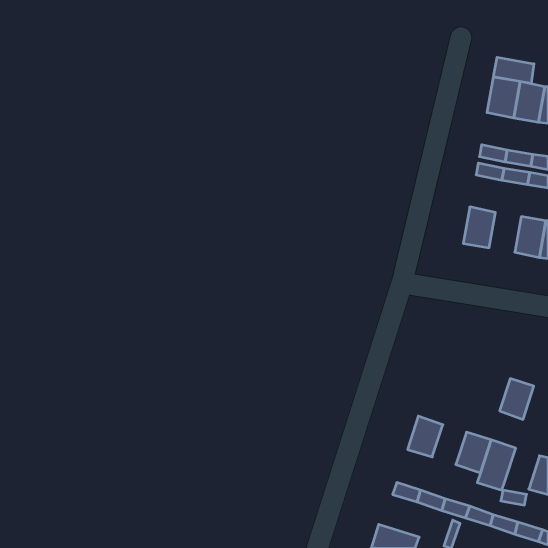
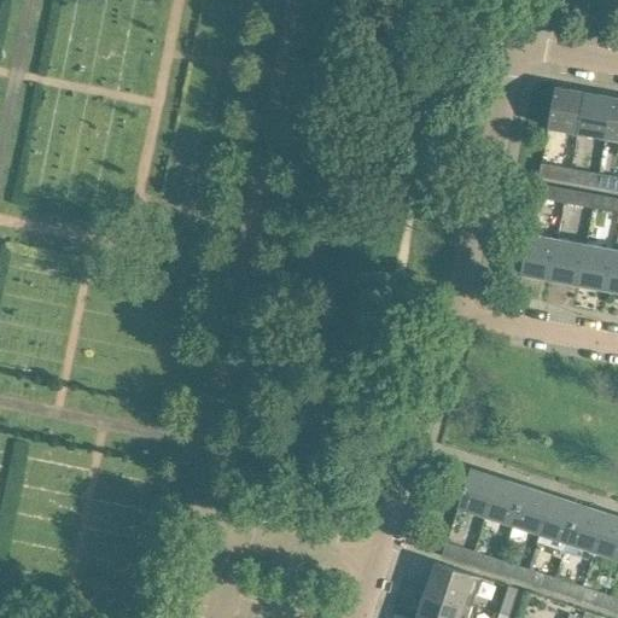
building: [493,57,534,83] -> none
building: none -> [550,239,587,284]
building: [500,379,534,419] -> [569,505,607,550]
building: none -> [486,478,525,523]
building: none -> [426,561,482,605]

